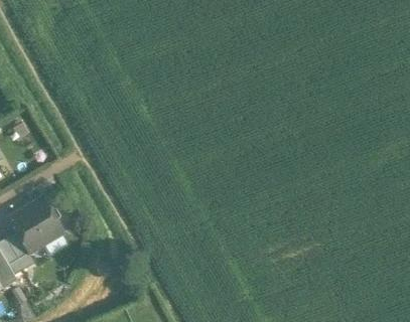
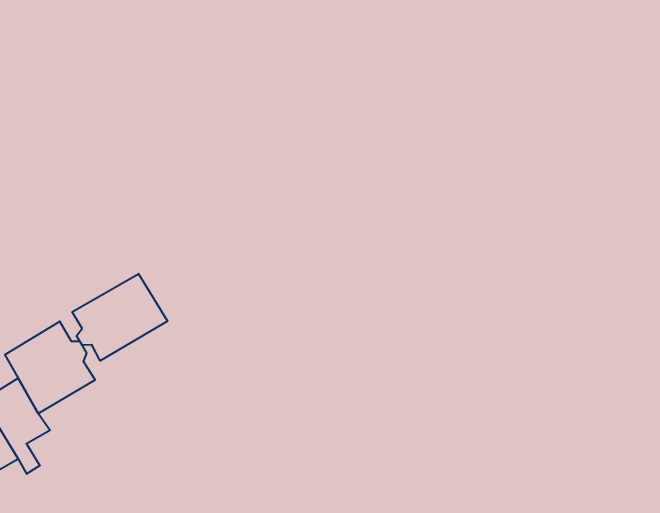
building: none -> [72,274,167,361]

